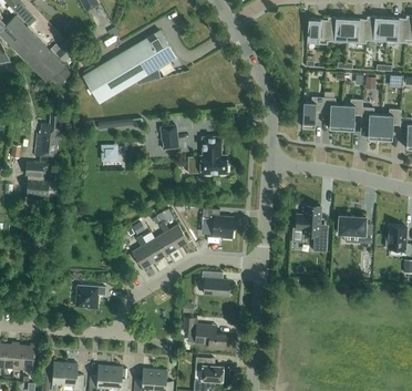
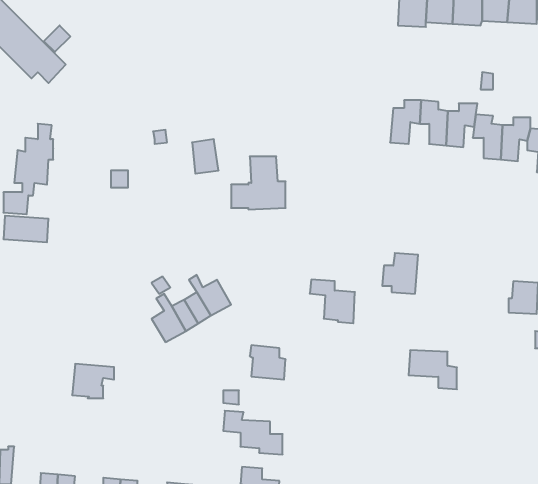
building: [83,30,176,102] -> none
building: [202,207,234,238] -> [310,280,355,323]
building: [338,215,372,243] -> [409,350,457,389]

